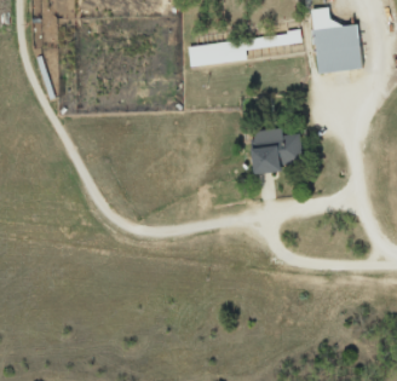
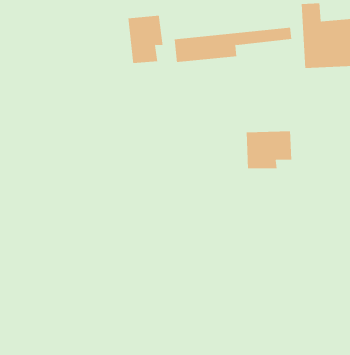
building: none -> [128,15,163,64]

